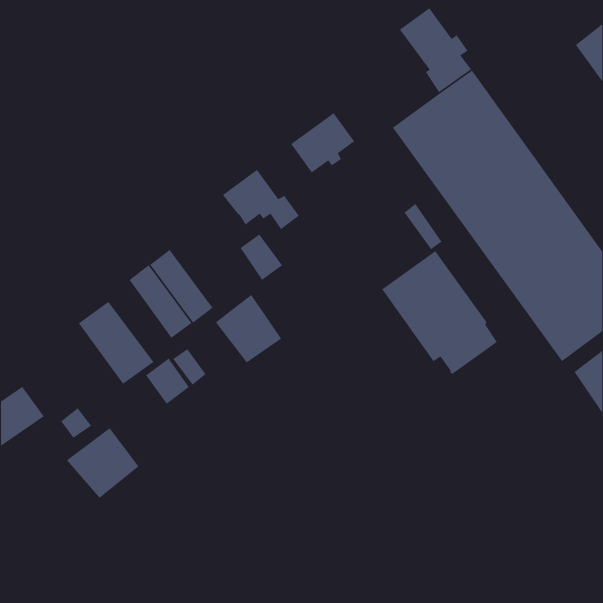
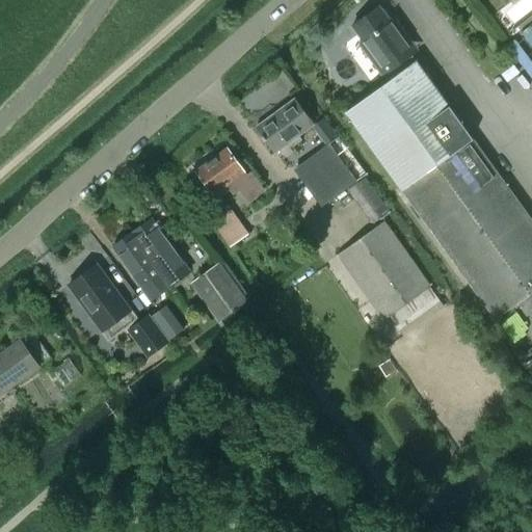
building: none -> [293,134,365,203]
building: [66,427,139,499] -> none

